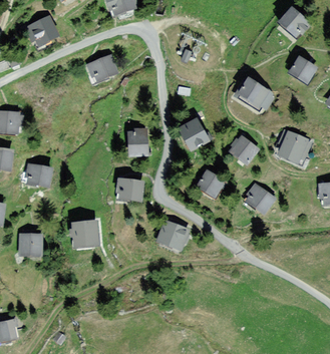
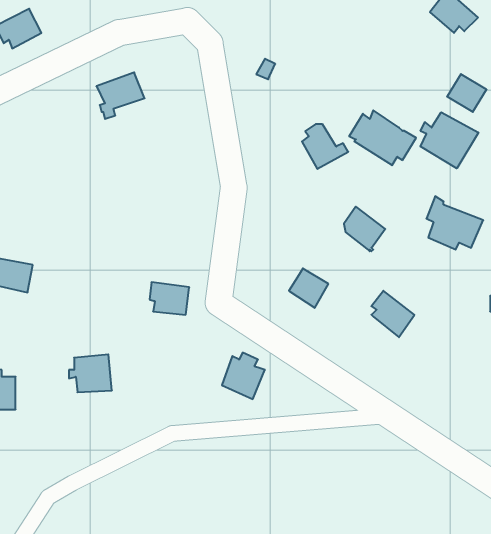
building: none -> [420,112,478,168]
building: [184,121,211,147] -> [302,124,348,169]
building: [130,129,150,154] -> none

